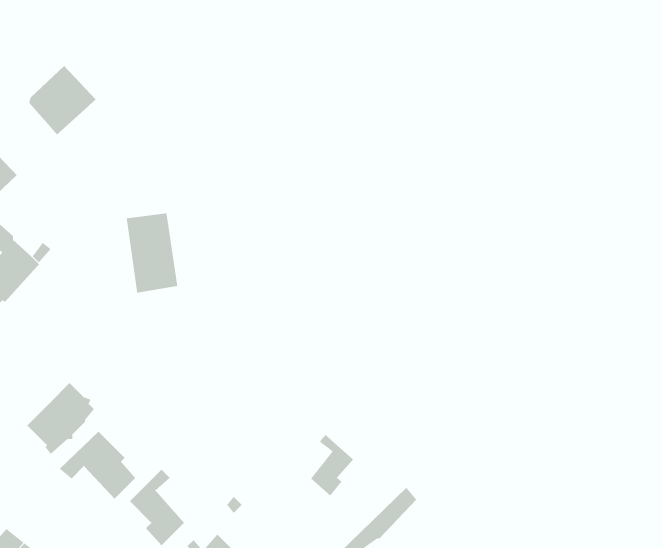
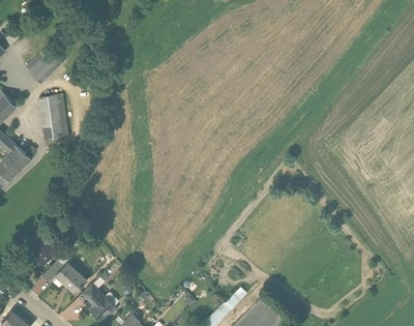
building: [126,213,178,294] -> [40,94,70,141]
building: [310,434,354,497] -> none

